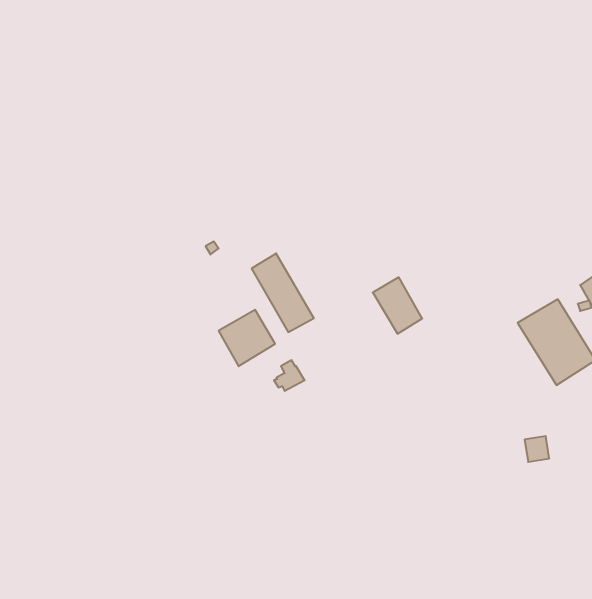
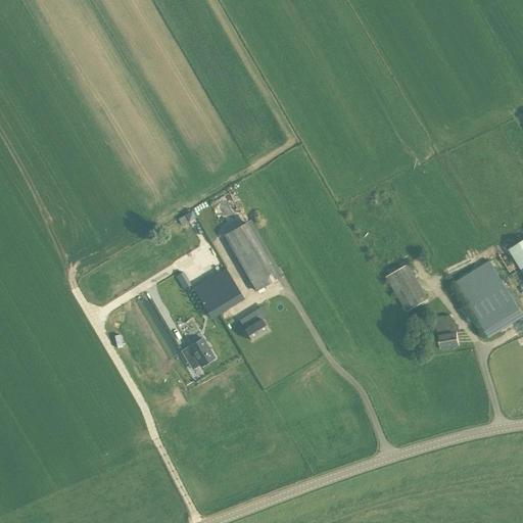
building: [373,277,422,334] -> [384,263,427,312]
building: none -> [188,337,213,366]
building: [525,436,549,462] -> [436,326,458,348]

